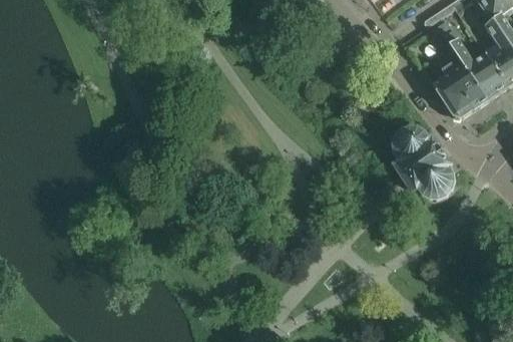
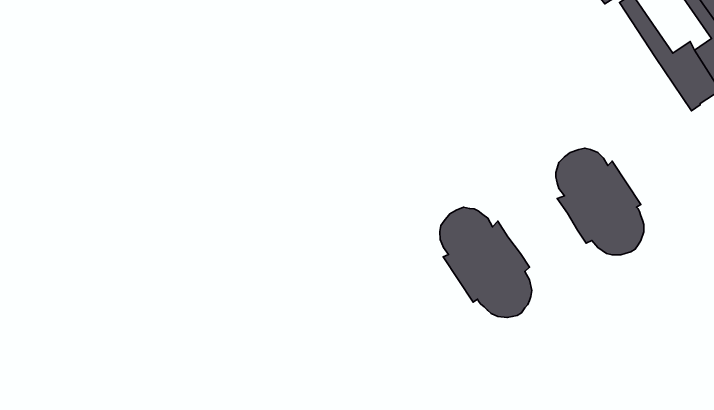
building: [433,62,488,117] -> none
building: none -> [440,207,532,317]

